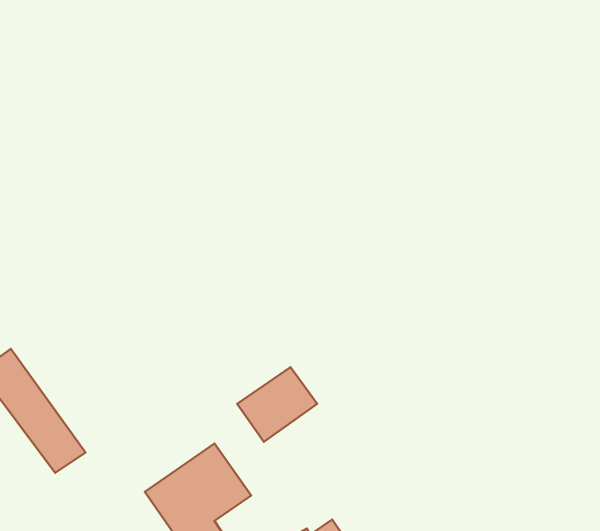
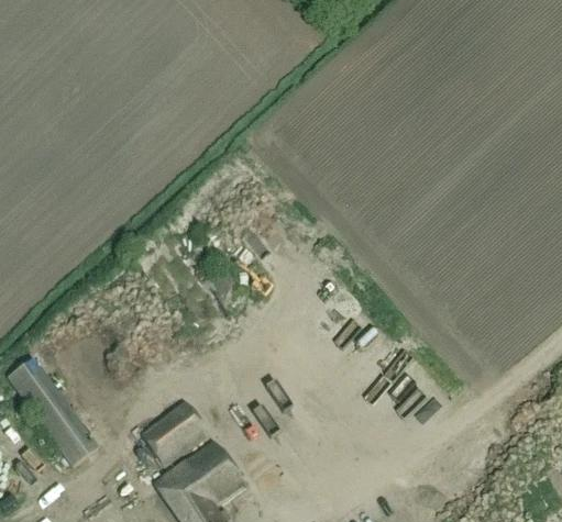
building: [237,367,317,442] -> [141,401,210,466]

